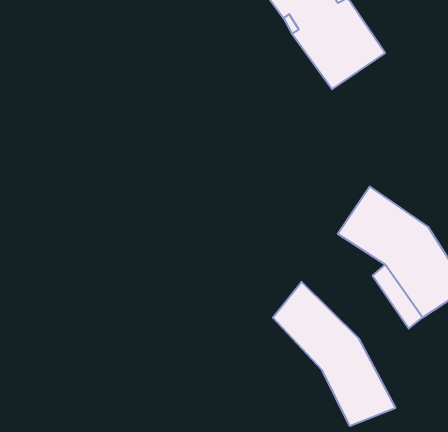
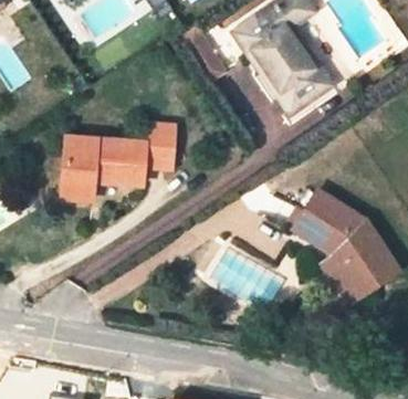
building: none -> [61,123,175,197]
building: [273,282,395,426] -> none

